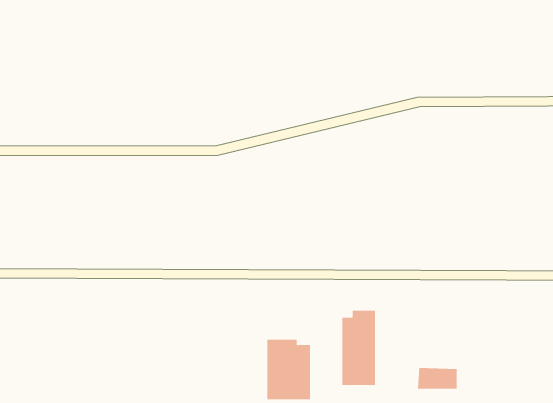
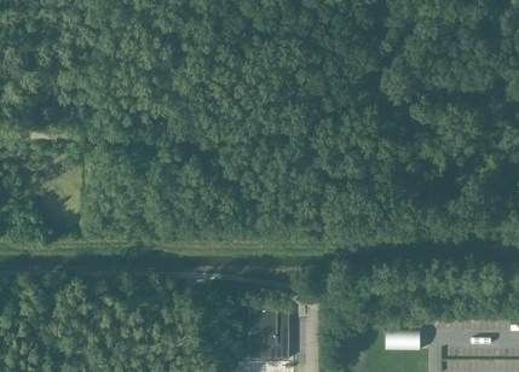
building: [342,310,376,386] -> none

